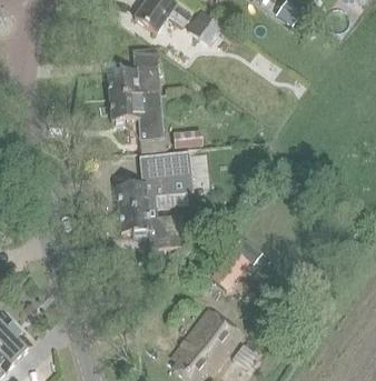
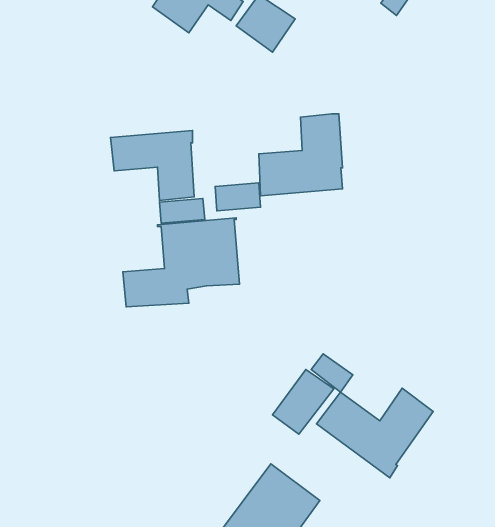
building: [106,48,159,100] -> [259,114,342,196]
building: [117,205,185,250] -> none
building: none -> [317,388,433,478]

